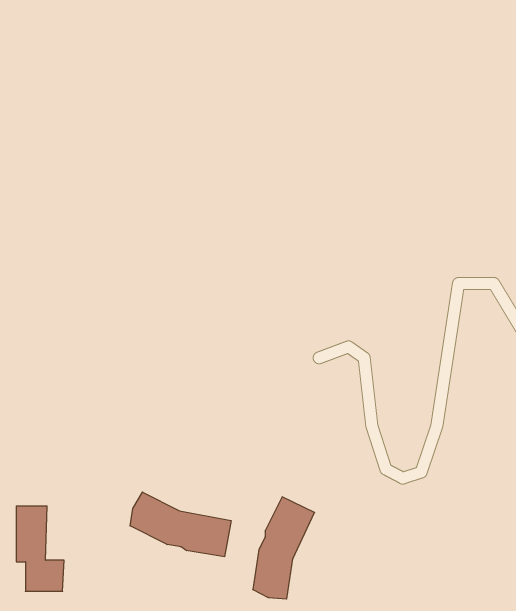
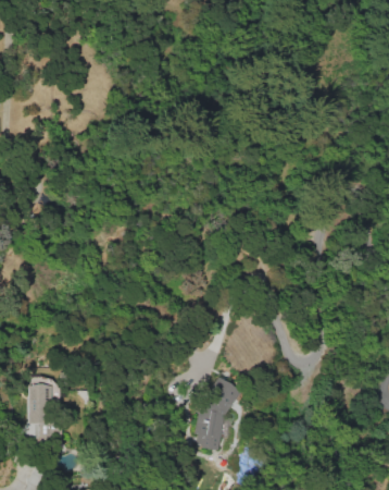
building: [130,492,231,557] -> none

